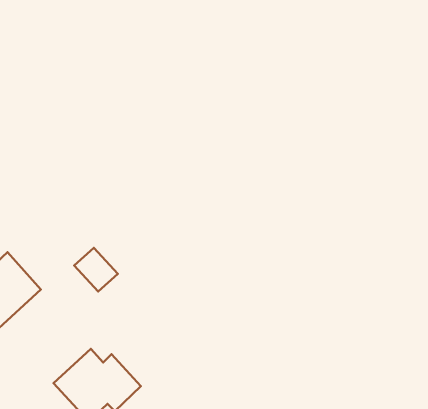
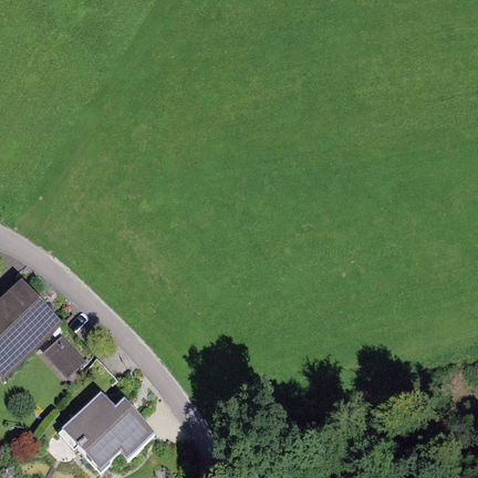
building: [74,248,118,291] -> [45,329,92,375]

